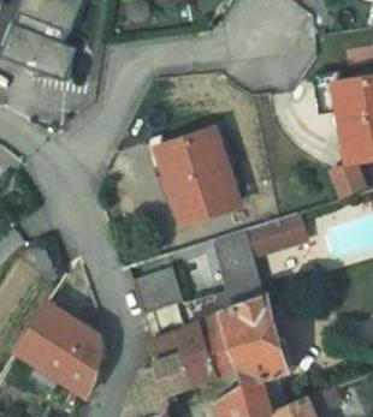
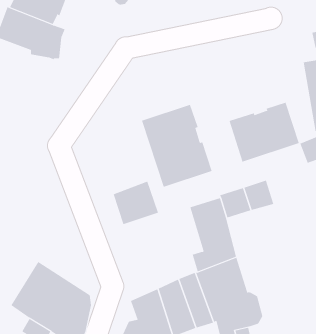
building: none -> [229,102,299,162]
building: [132,267,183,315] -> [113,181,159,225]

